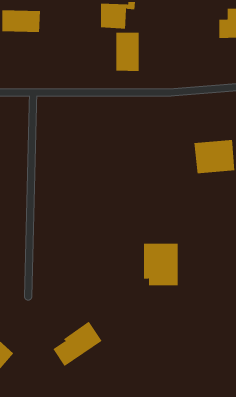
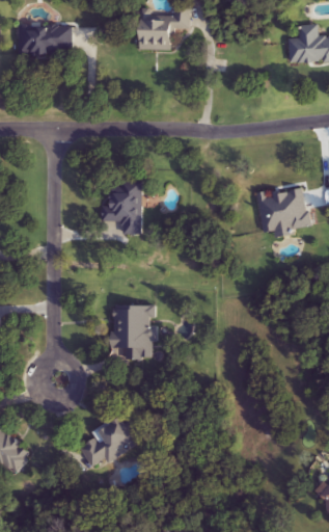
building: [116,32,139,72] -> none
building: none -> [100,180,142,235]
building: [143,243,178,286] -> [111,305,155,358]

